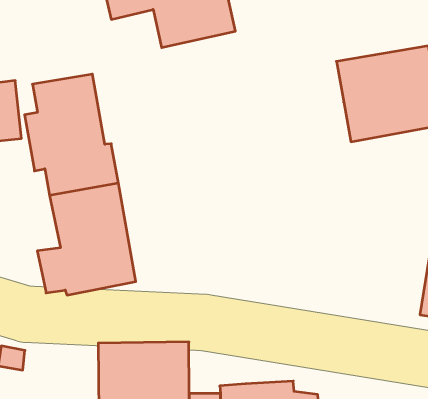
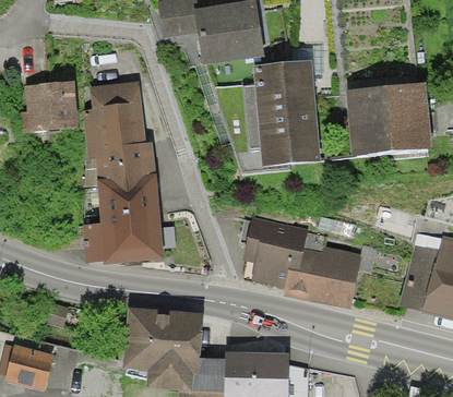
building: none -> [245,58,320,164]
building: none -> [242,214,362,308]

